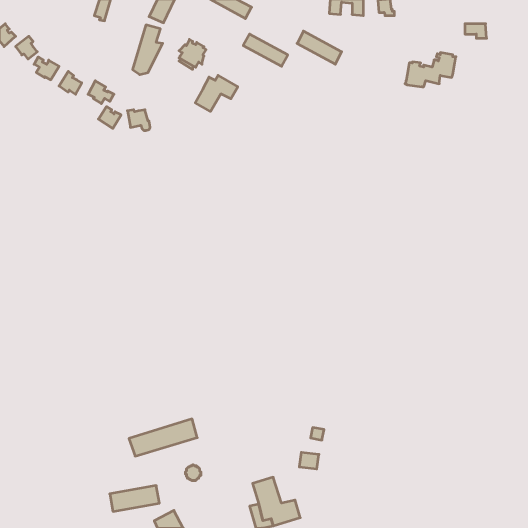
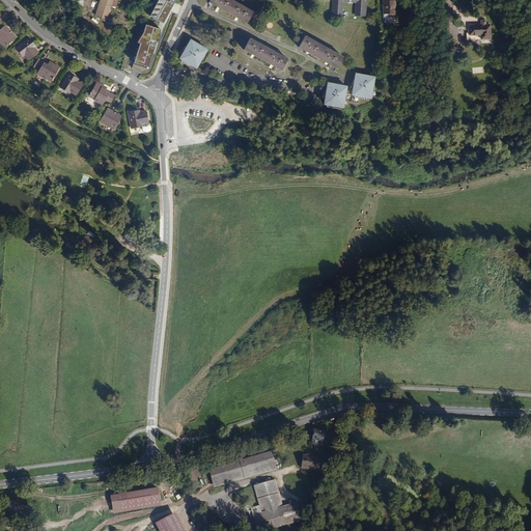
building: [405,53,456,87] -> [324,73,374,107]
building: [195,75,238,111] -> none
building: [129,419,197,456] -> [207,449,276,486]

